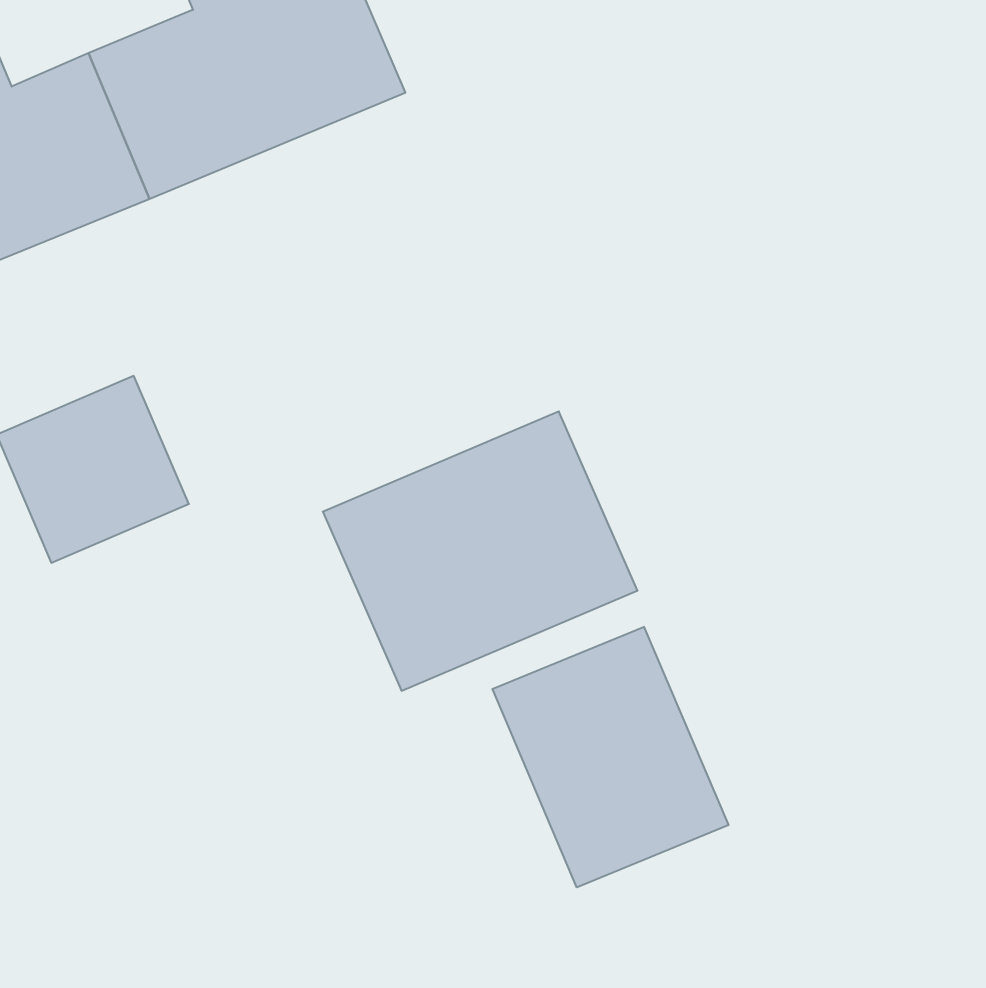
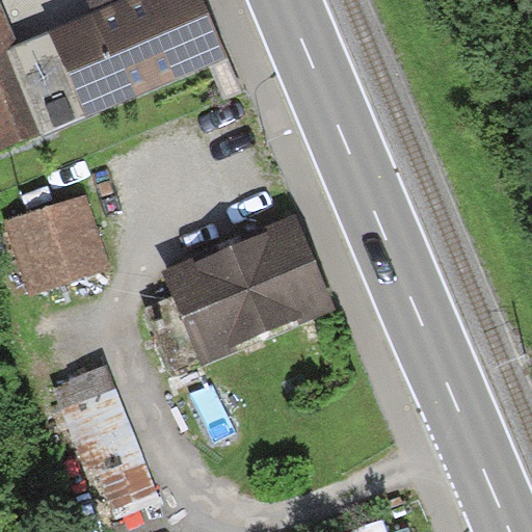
building: [492,627,728,887] -> none
building: none -> [45,353,151,501]

